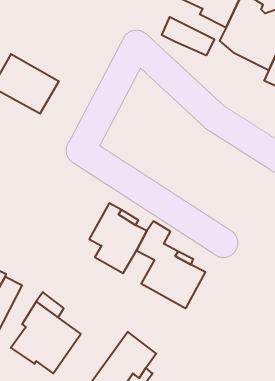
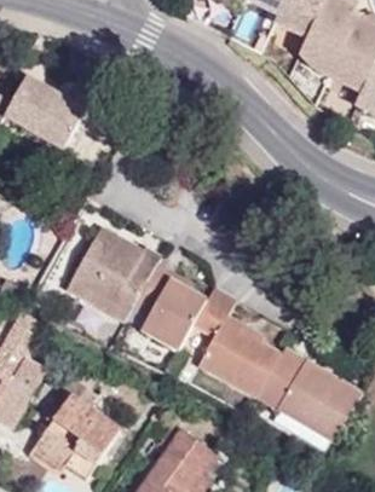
building: [162,17,214,55] -> none
building: none -> [64,225,160,320]
building: none -> [254,346,360,440]

